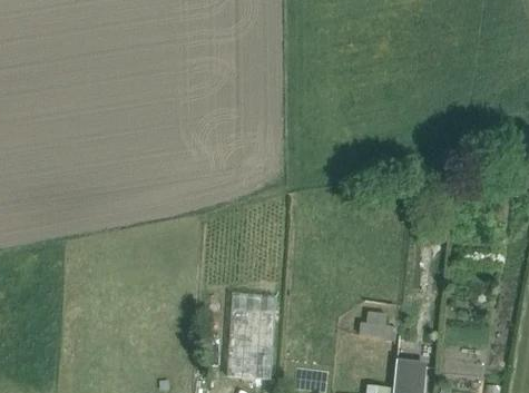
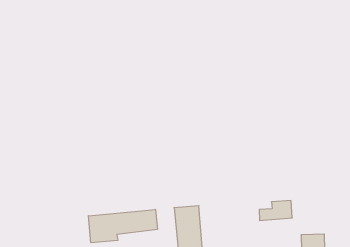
building: none -> [88,209,157,243]

